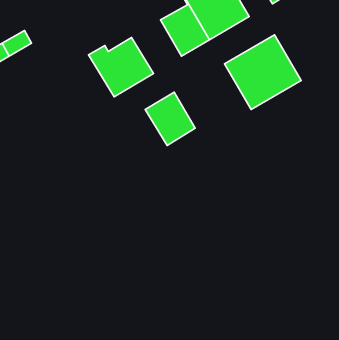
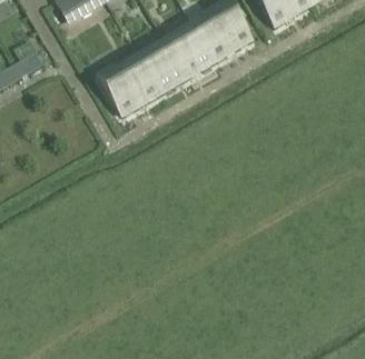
building: [225,35,301,109] -> none
building: [145,92,195,146] -> [140,41,188,92]

